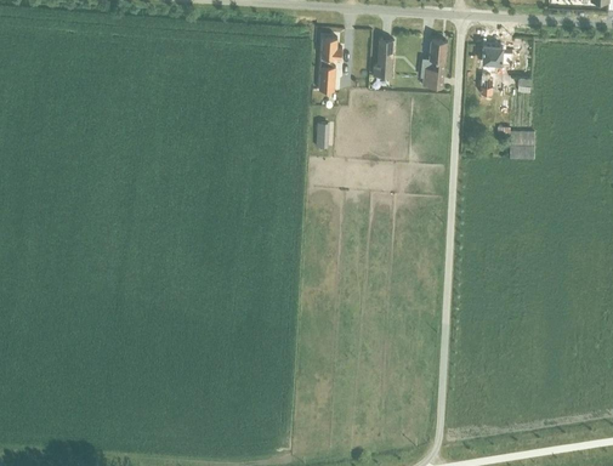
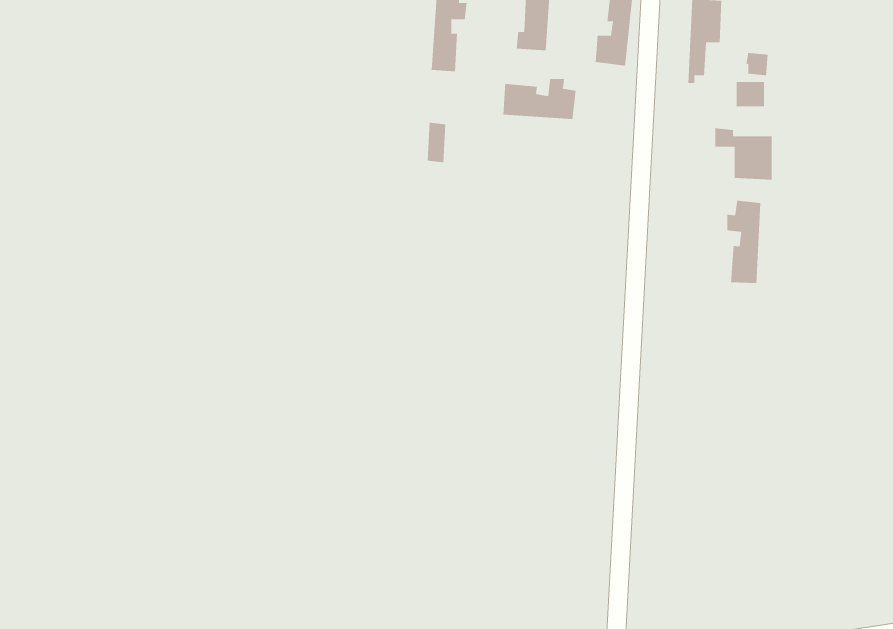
building: none -> [503,78,576,120]
building: none -> [727,200,761,284]

